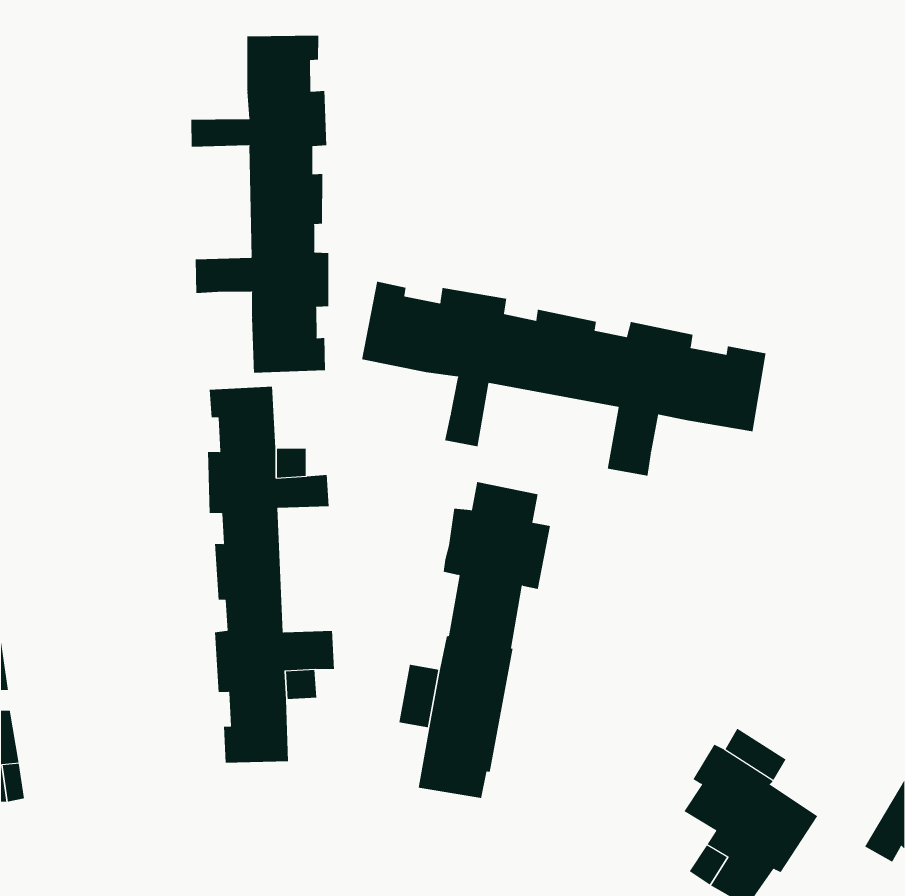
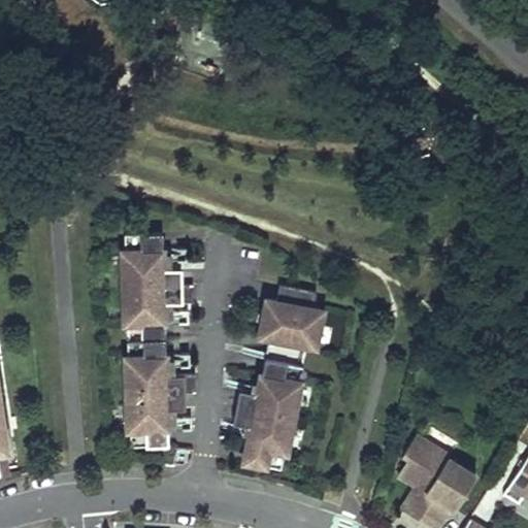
building: [191,35,329,373] -> none
building: [362,281,766,477] -> none

